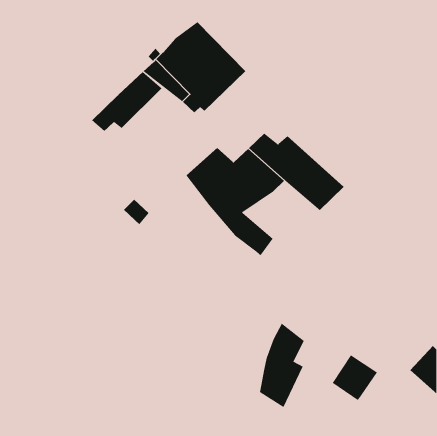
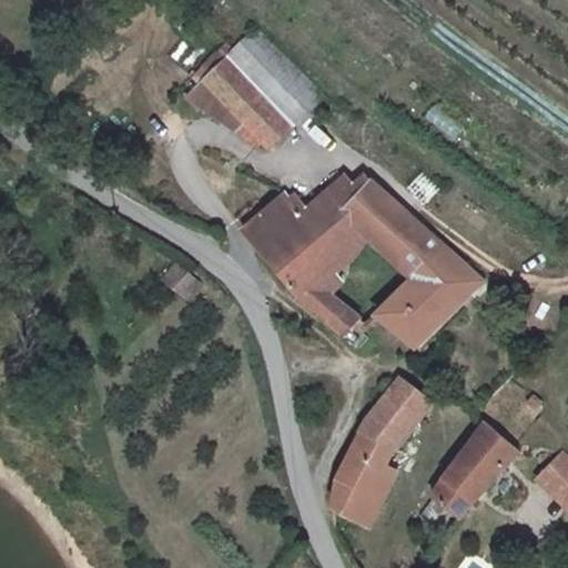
building: [91,71,162,132] -> none
building: none -> [377,244,481,347]
building: none -> [365,375,428,444]
building: none -> [455,420,518,485]

